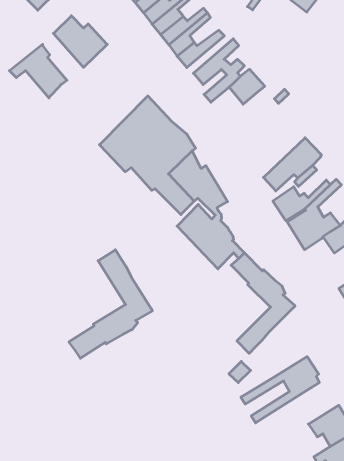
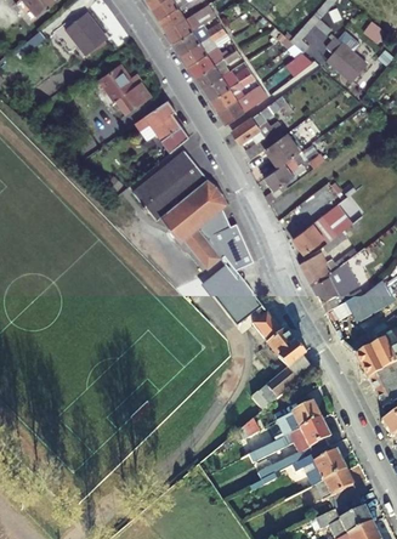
building: [9,44,67,98] -> [134,98,189,152]
building: none -> [263,154,304,202]
building: [69,250,152,358] -> none
building: none -> [280,403,318,437]
building: none -> [302,447,345,488]

